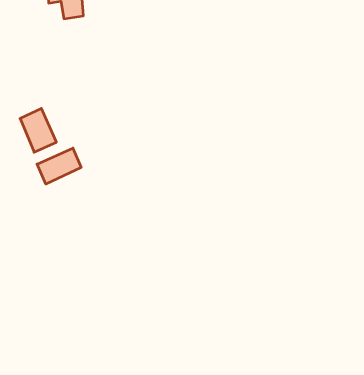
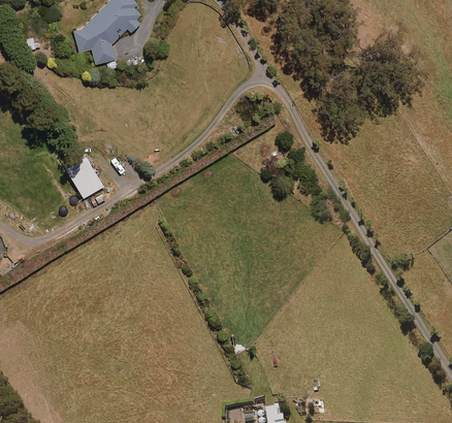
building: [37,148,81,184] -> none

